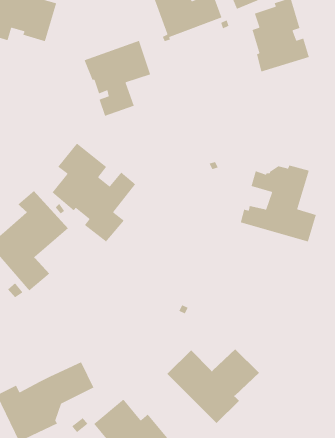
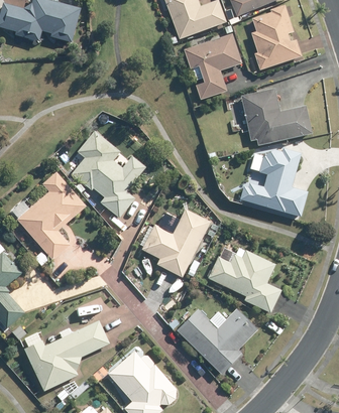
building: [84,40,151,117] -> [179,32,237,99]
building: none -> [239,90,310,145]
building: none -> [137,209,205,276]
building: none -> [206,251,279,313]

